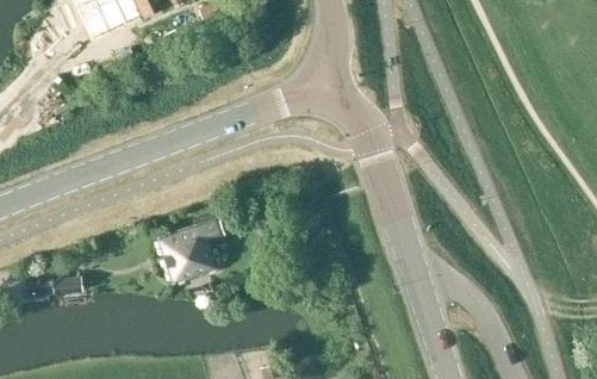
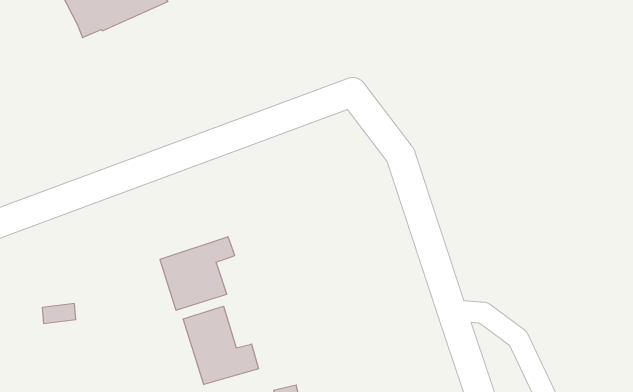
building: none -> [183,306,259,385]

